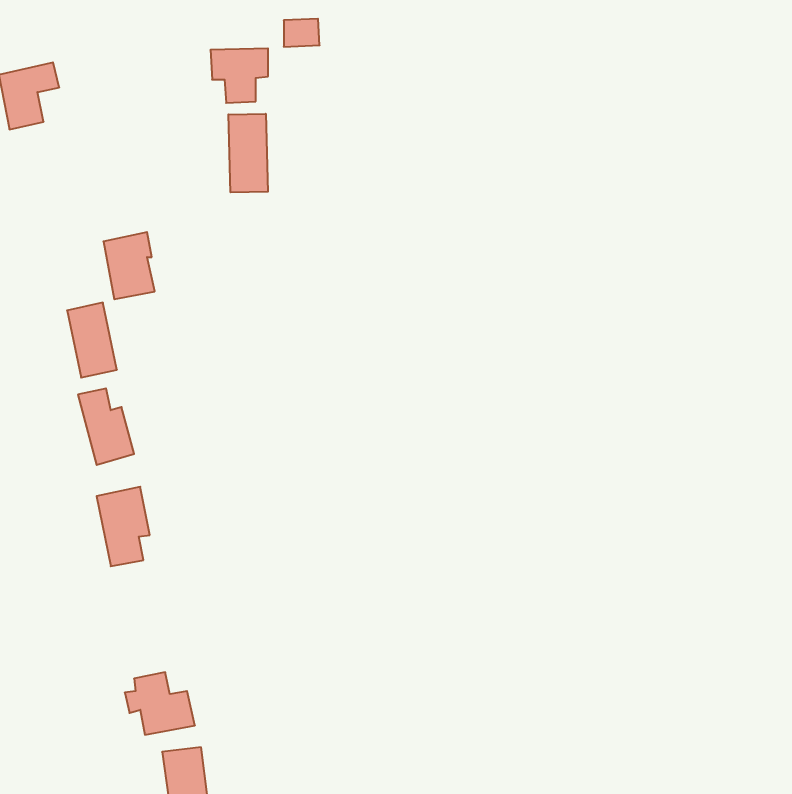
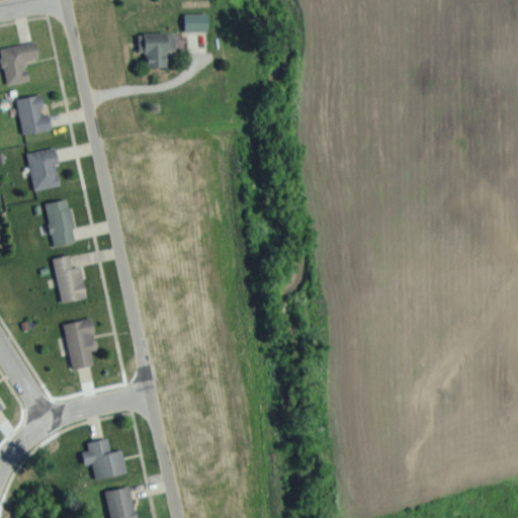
building: [228,114,268,192] -> none
building: none -> [16,96,51,134]
building: [103,232,155,299] -> [26,147,60,190]

